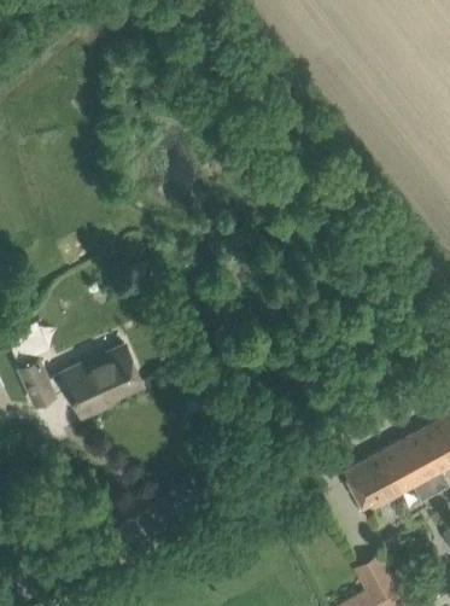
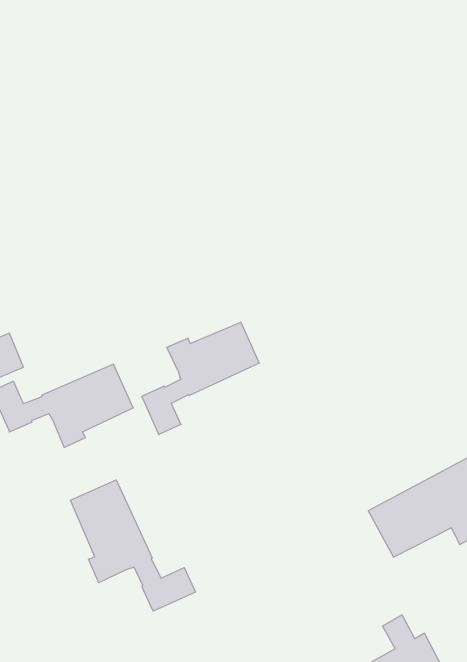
building: none -> [142,322,259,435]
building: none -> [71,480,195,611]

